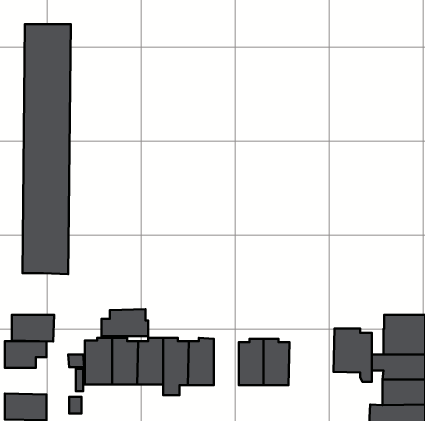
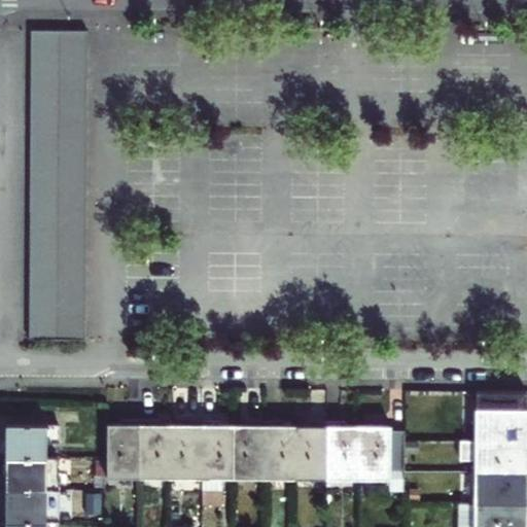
building: [102,309,148,336] -> none
building: [12,315,54,341] -> [6,460,59,493]
building: [334,329,372,382] -> [357,428,405,494]
building: none -> [265,424,295,482]

